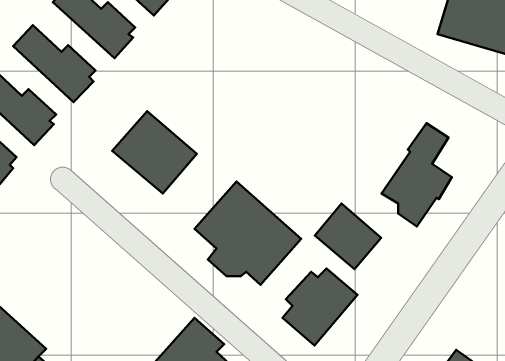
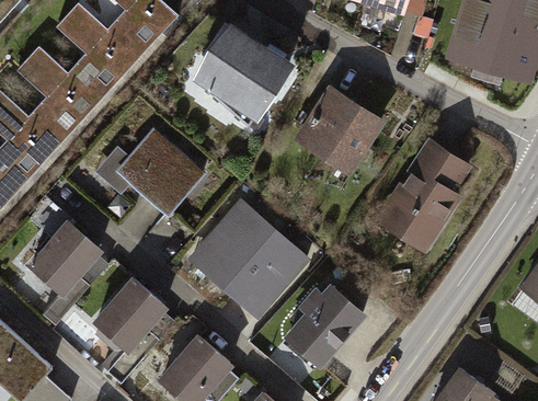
building: none -> [205,27,288,127]
building: none -> [298,89,380,168]
building: [315,203,381,269] -> none
building: none -> [30,224,98,294]
building: none -> [95,279,164,350]

